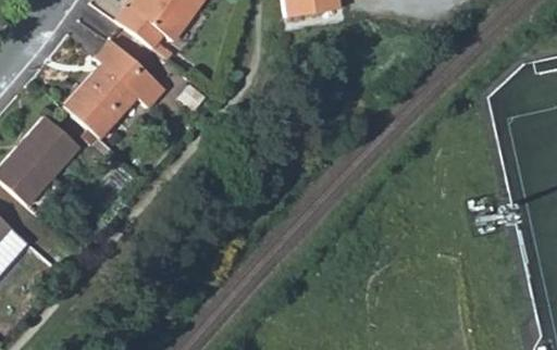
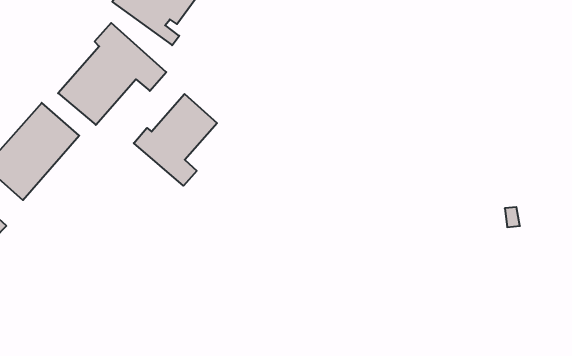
building: none -> [134,94,217,186]

